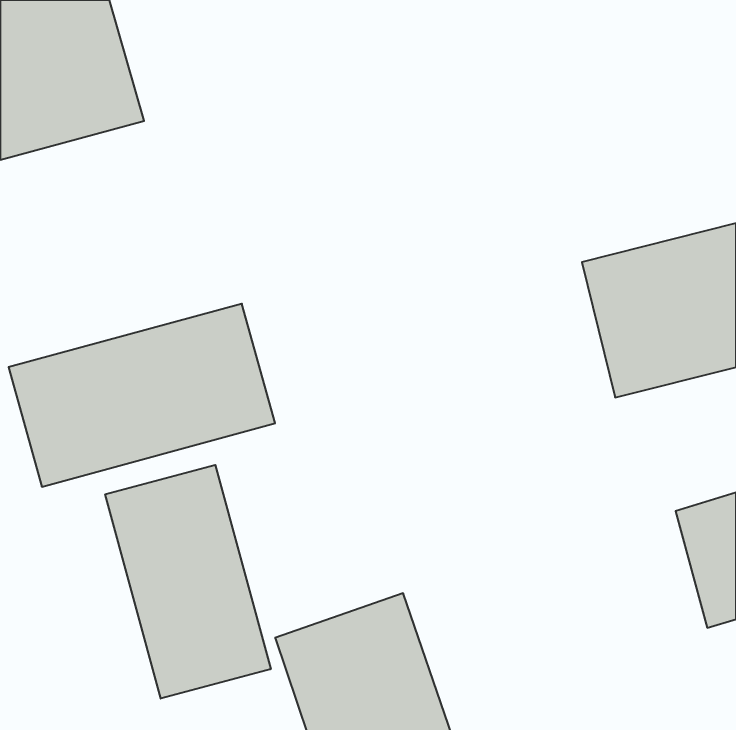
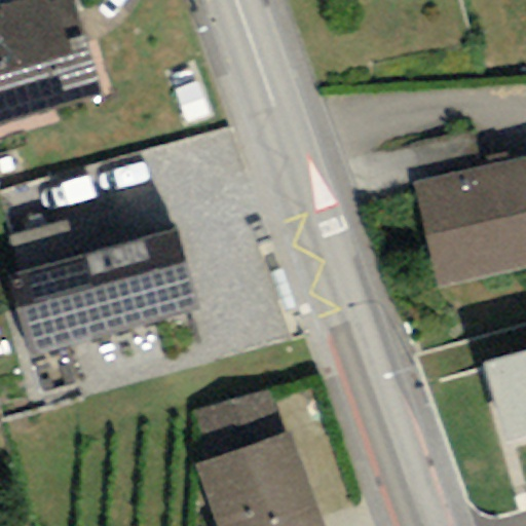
building: [105,465,271,699] -> none

